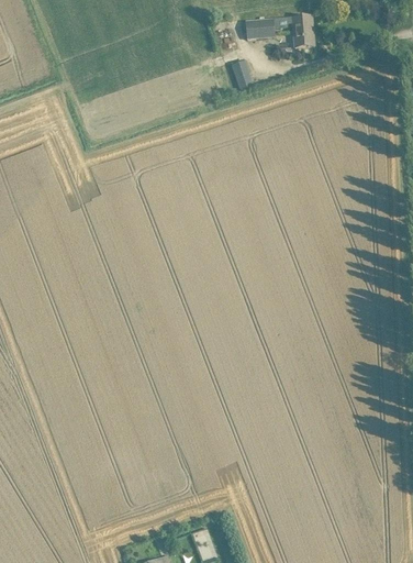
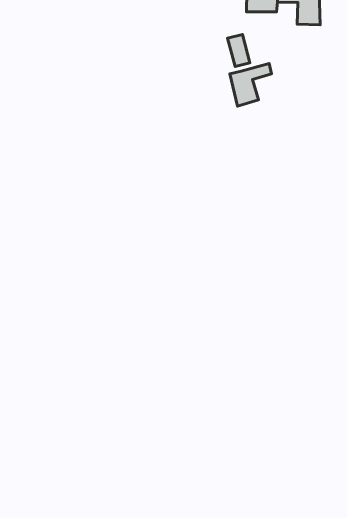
building: none -> [230,64,272,106]

